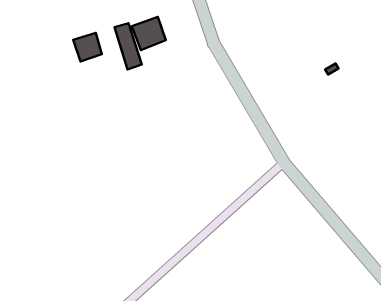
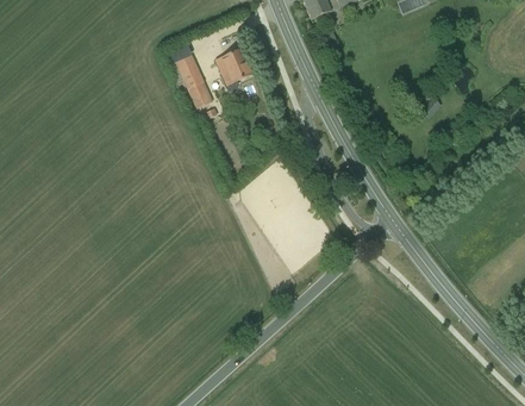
building: [73,33,102,61] -> none

